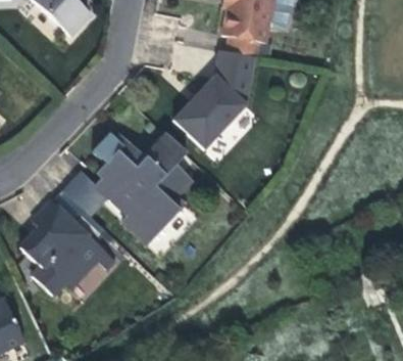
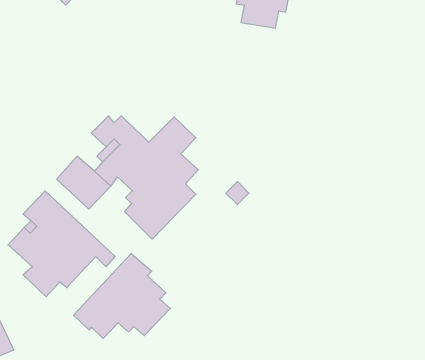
building: [173,50,256,149] -> none
building: none -> [73,253,170,338]

